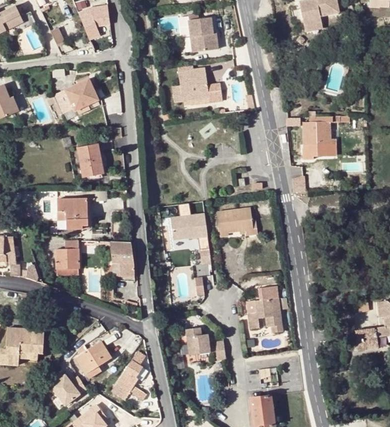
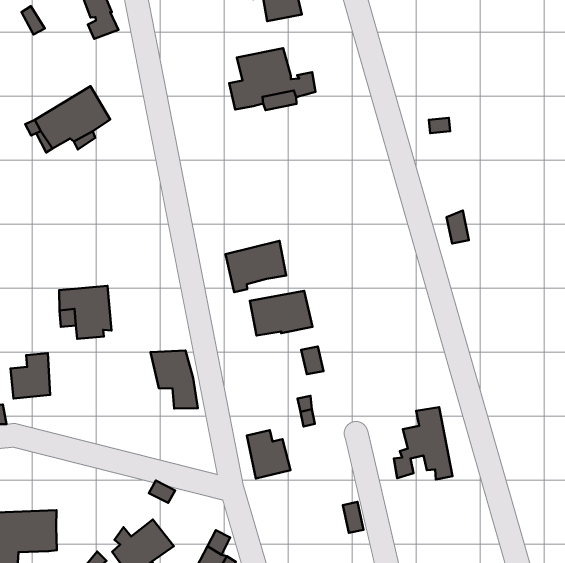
building: [304,117,340,160] -> none
building: [77,144,104,177] -> none
building: [217,207,252,235] -> [226,241,286,292]
building: [56,243,79,268] -> [11,353,50,398]
building: [186,329,210,357] -> [247,430,290,478]

